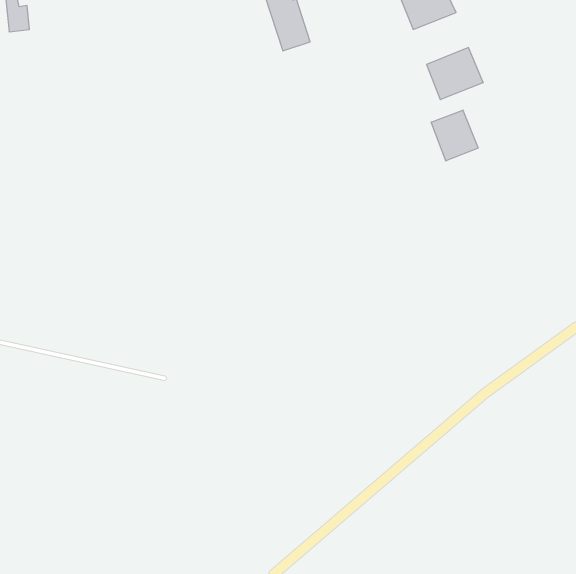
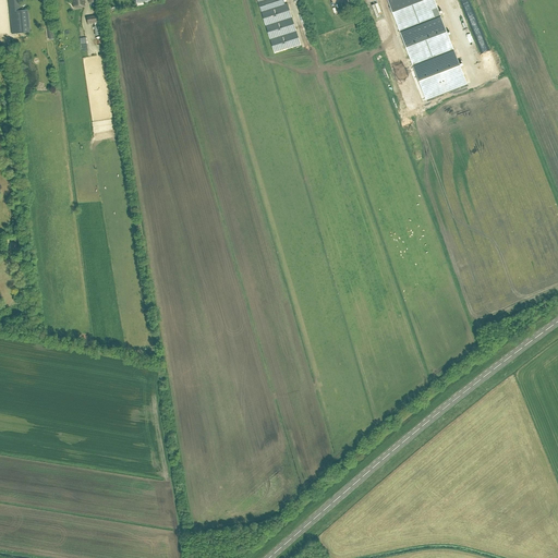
building: none -> [399,13,451,61]
building: [431,110,478,161] -> none

